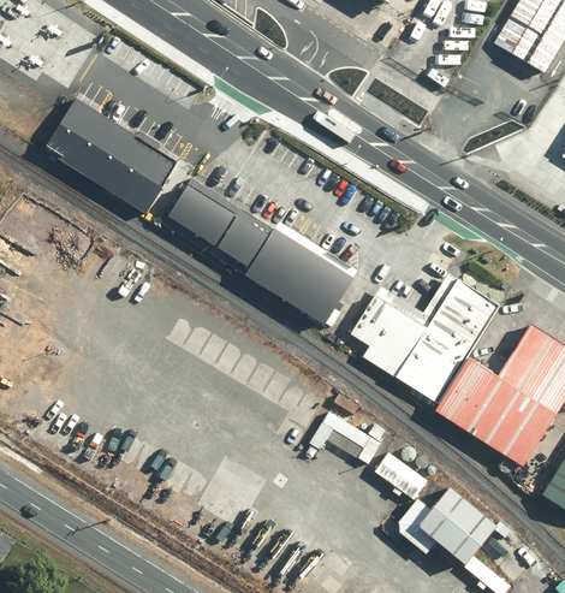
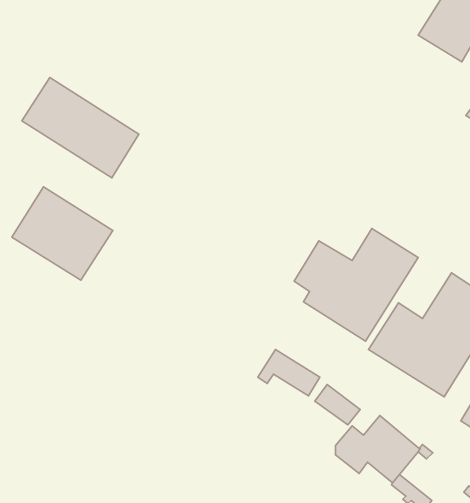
building: [167,183,353,322] -> none
building: none -> [12,187,113,280]

